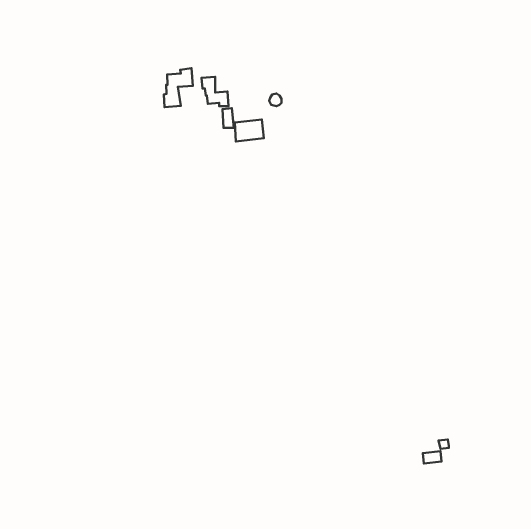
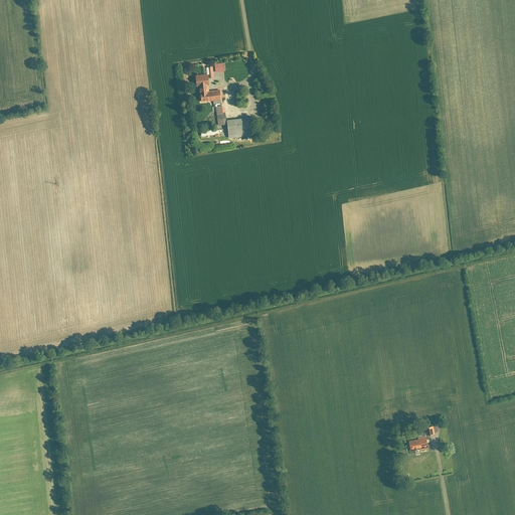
building: [164,68,193,107] -> none

